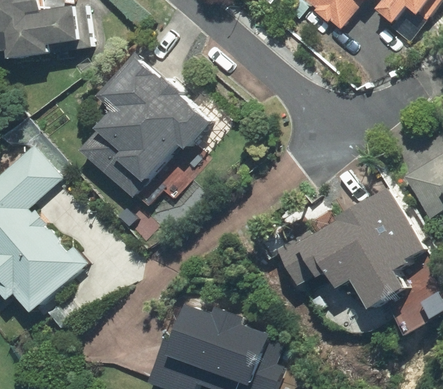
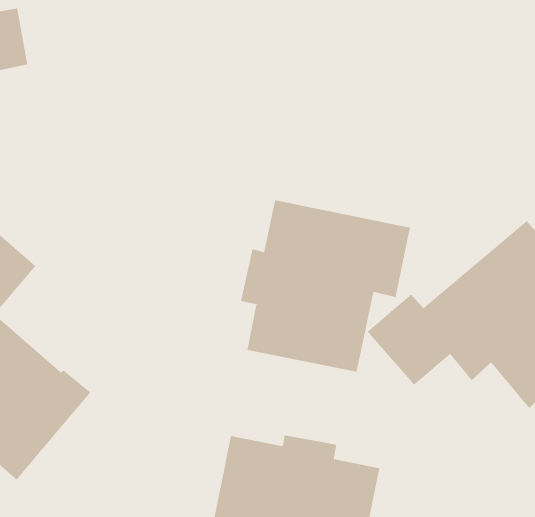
building: [80,53,212,195] -> none
building: none -> [240,200,411,373]

